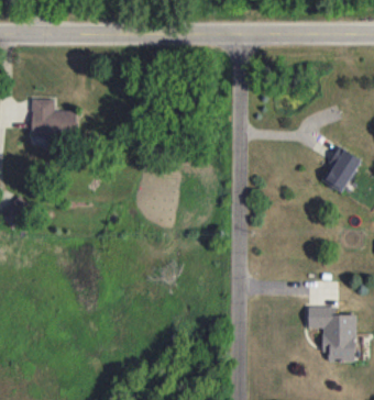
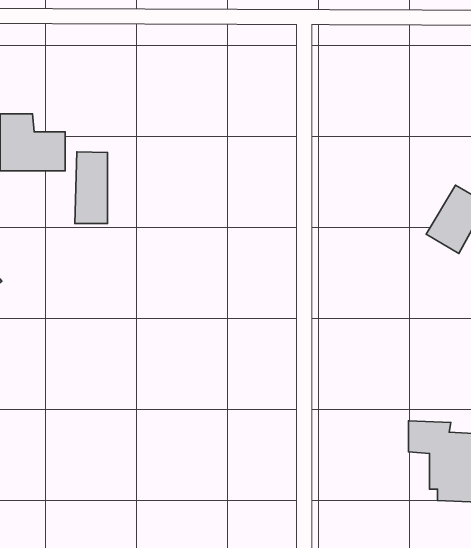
building: none -> [75,152,108,223]

